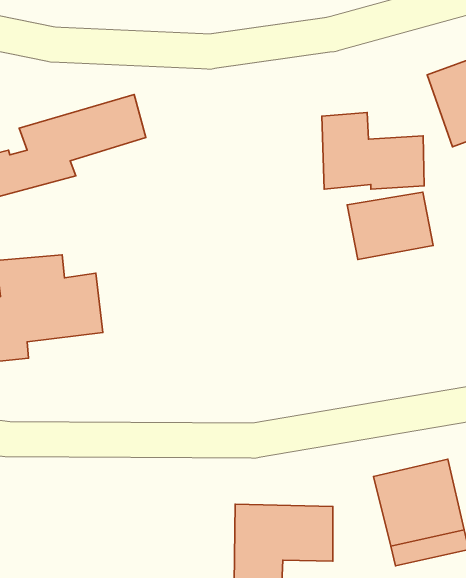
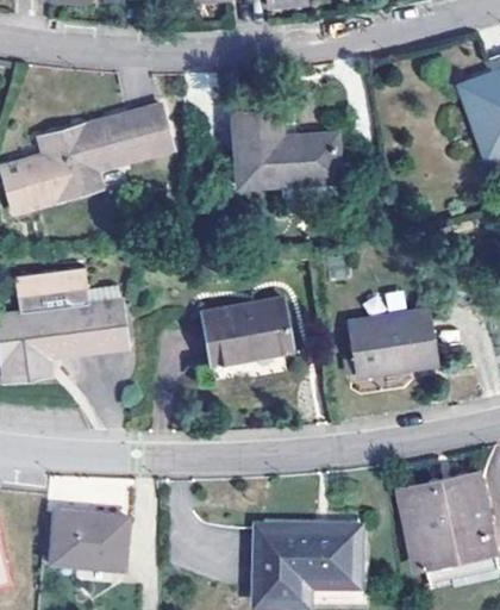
building: [322,113,424,189] -> [233,108,338,187]
building: [347,192,433,260] -> [346,307,435,376]
building: none -> [201,299,289,363]
building: none -> [48,511,123,568]

